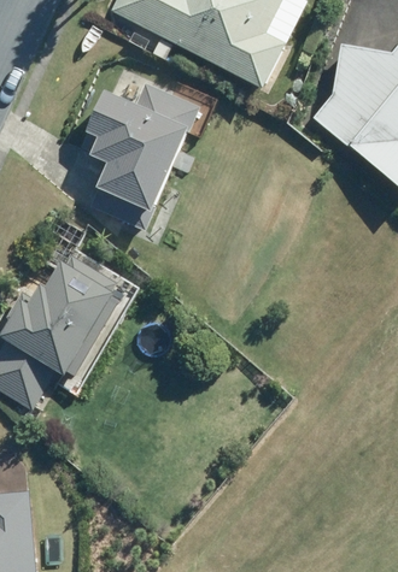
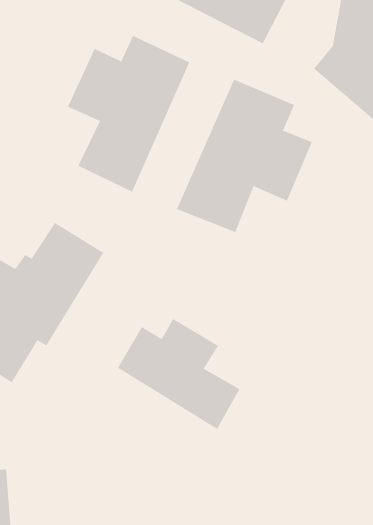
building: none -> [176,79,313,233]
building: none -> [117,318,240,430]

